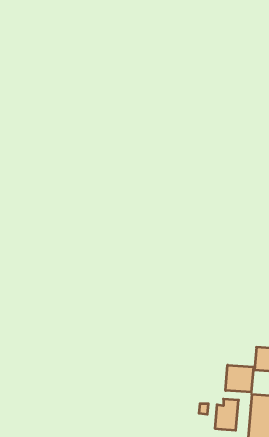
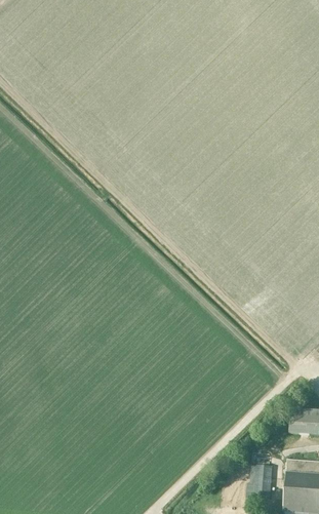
building: [226,365,253,392] -> none

